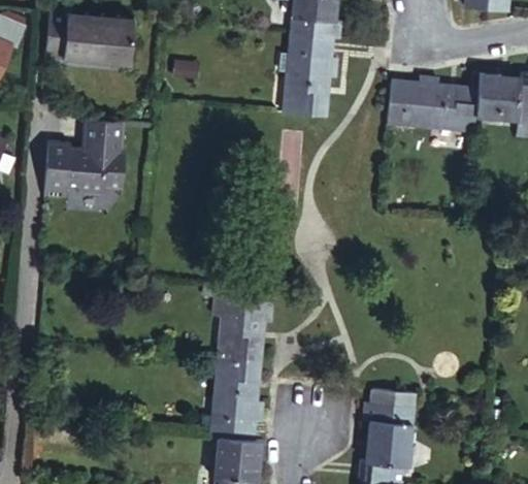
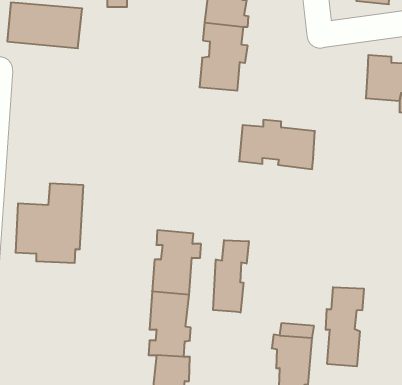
building: [387,76,477,135] -> [239,120,315,169]
building: [45,117,127,212] -> [15,184,83,263]
building: none -> [213,240,249,313]
building: none -> [326,287,364,366]

